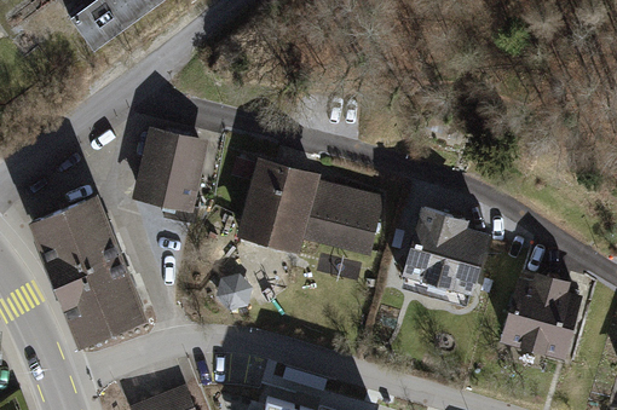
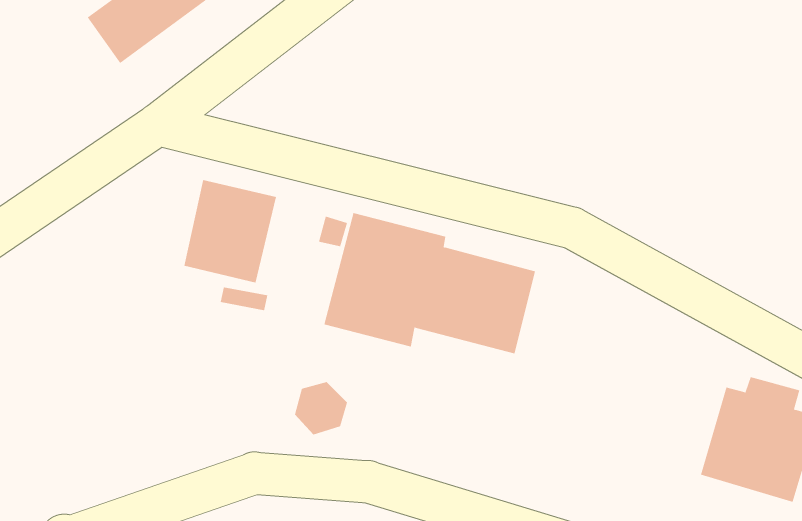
building: [34,202,144,345] -> none
building: [403,206,489,293] -> none

